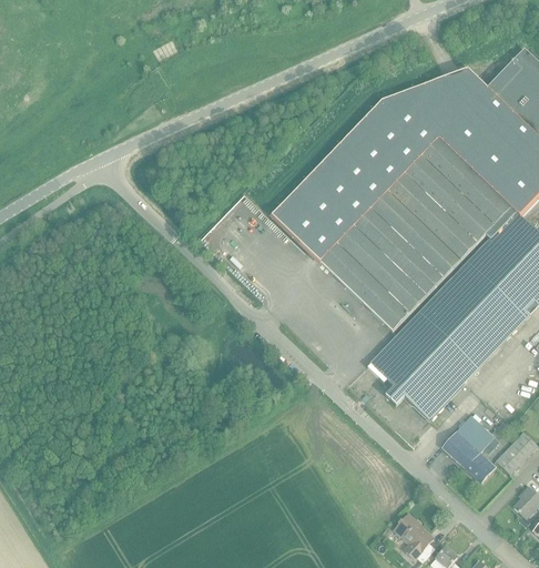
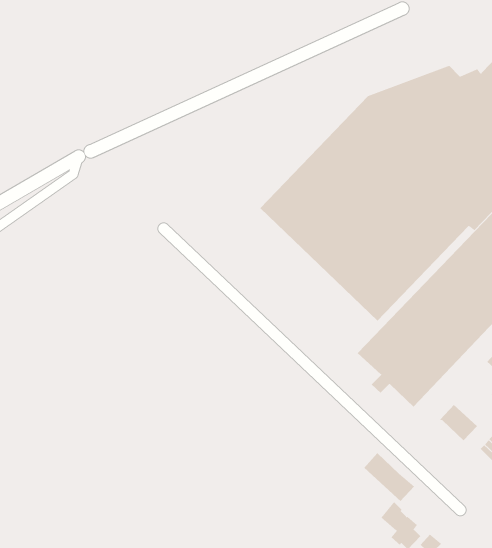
building: [443,430,495,480] -> [364,453,415,502]

